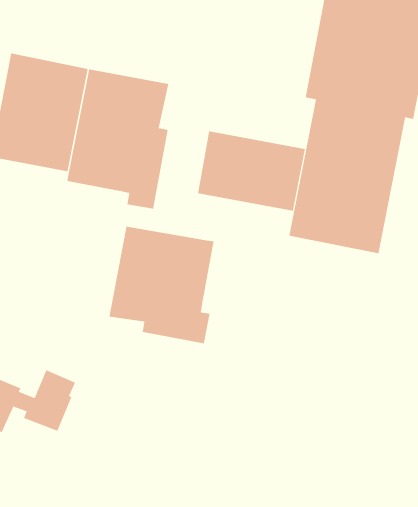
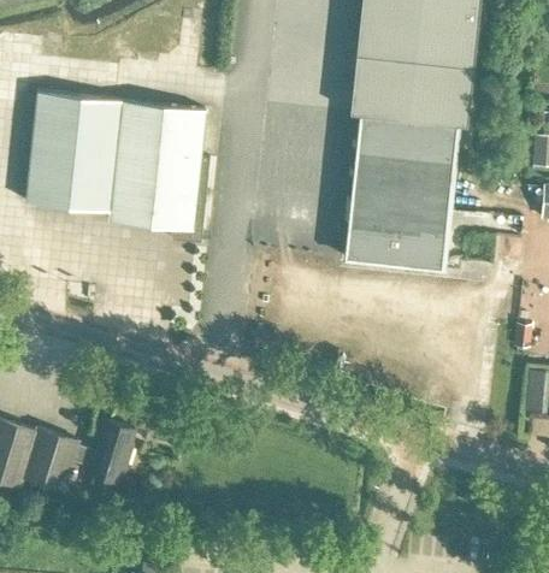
building: [198,131,306,212] -> none
building: [109,226,214,344] -> none

